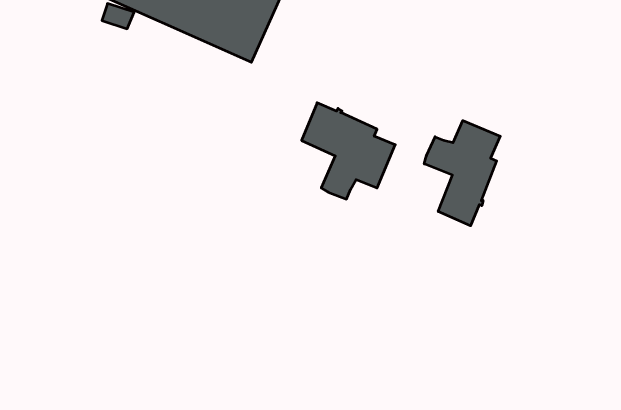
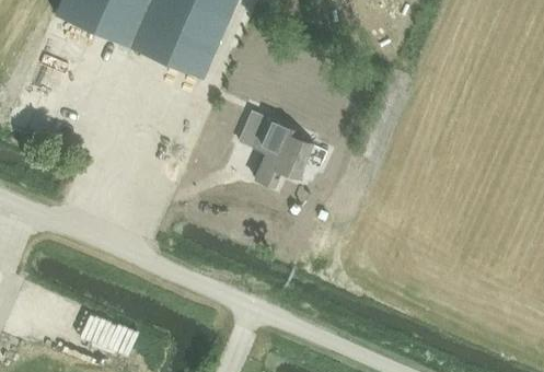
building: [424,121,500,226] -> none

